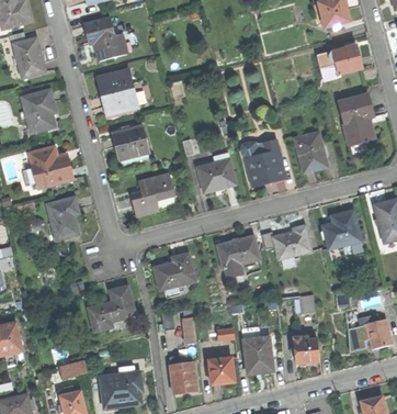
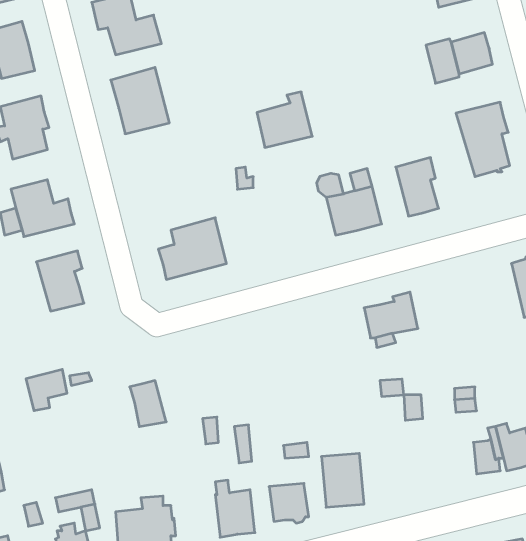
building: [113,126,150,159] -> none
building: [197,154,236,192] -> [257,92,312,147]
building: [322,210,361,248] -> none
building: [217,235,259,267] -> none
building: [154,253,195,294] -> none
building: [89,302,117,331] -> [26,369,67,411]
building: [291,337,319,367] -> none

